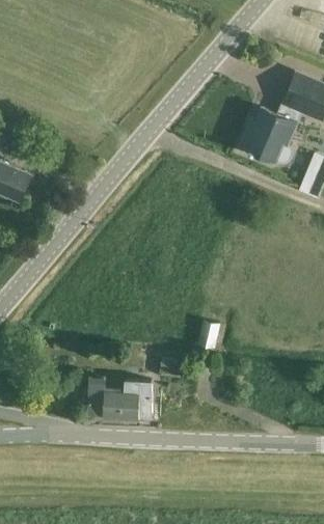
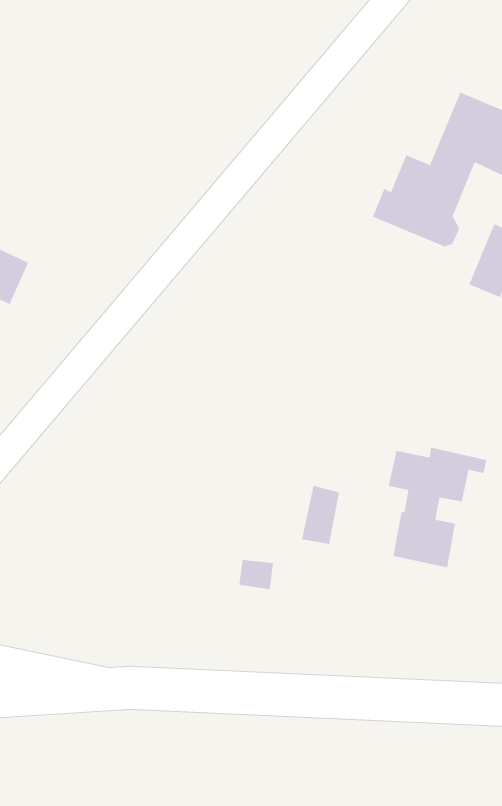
building: none -> [388,447,487,568]
building: [87,379,151,420] -> none

